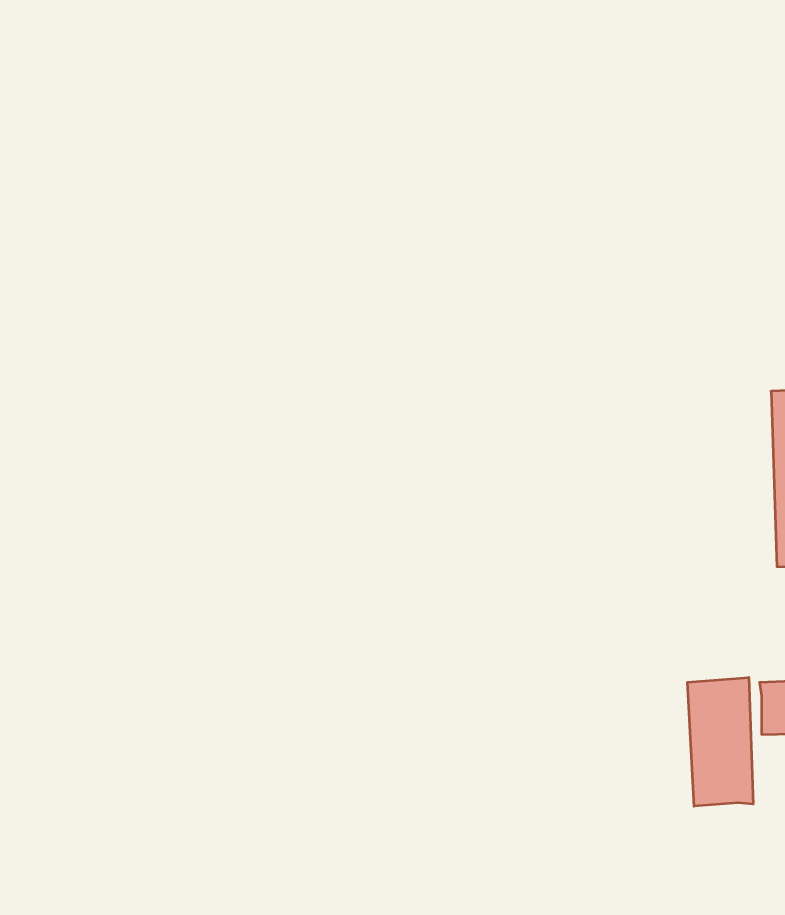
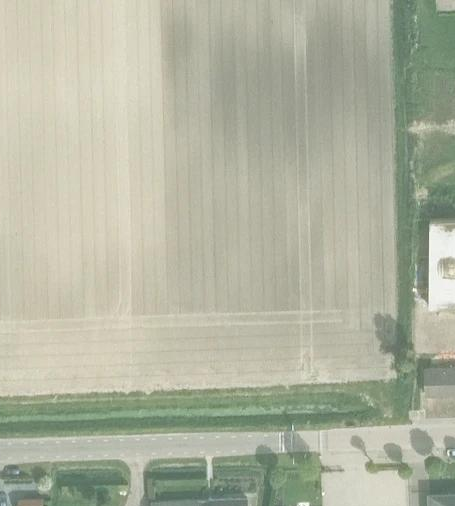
building: [688,677,753,806] -> none

